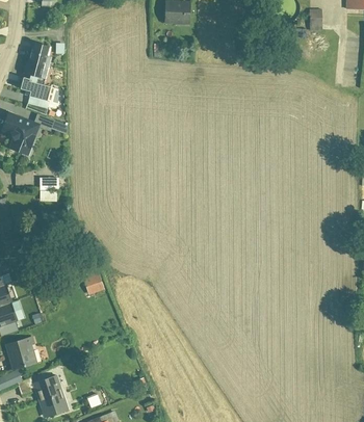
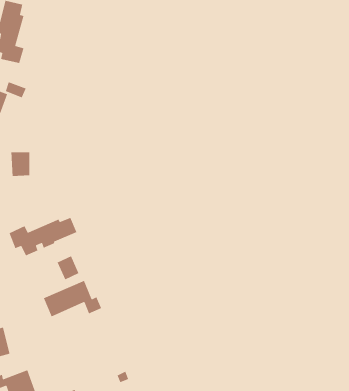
building: none -> [8,217,77,257]
building: none -> [43,280,102,317]

